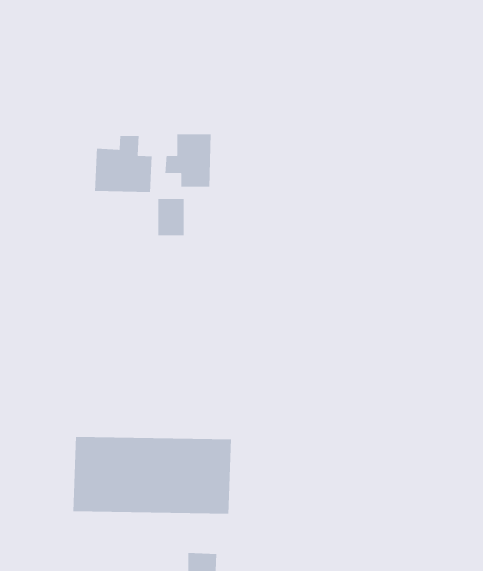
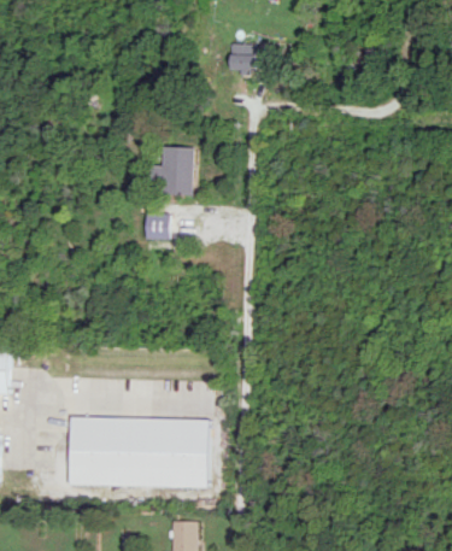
building: none -> [231,43,259,70]
building: [94,135,153,193] -> none

